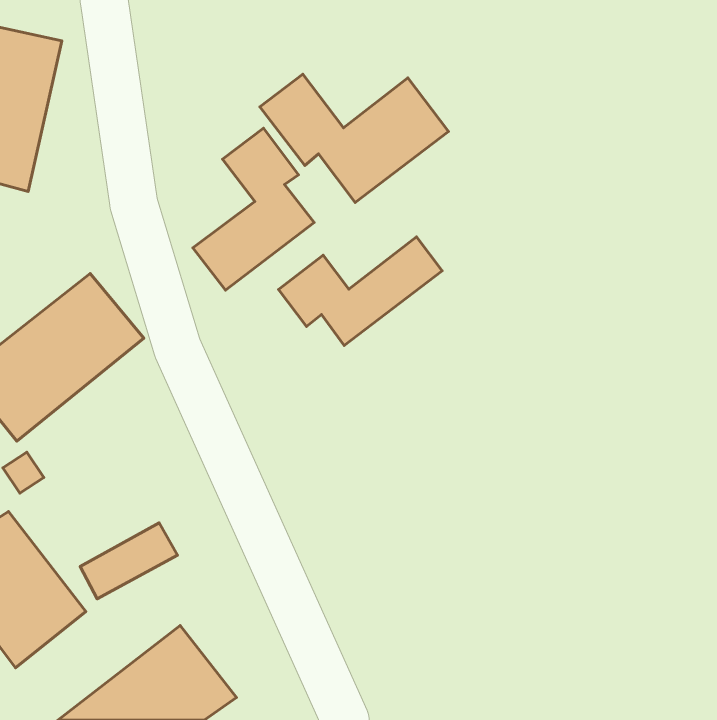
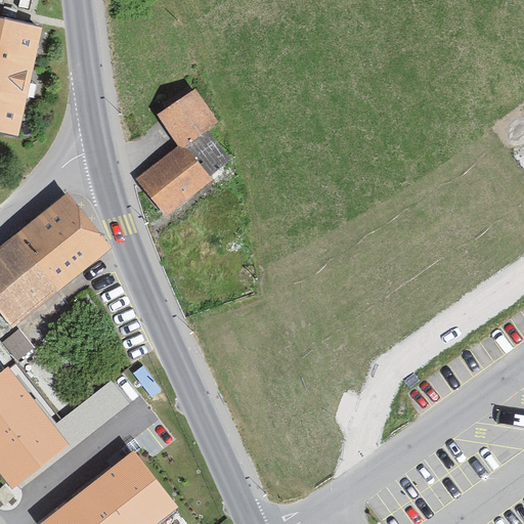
building: [260,74,449,203] -> none
building: [278,237,442,345] -> none

